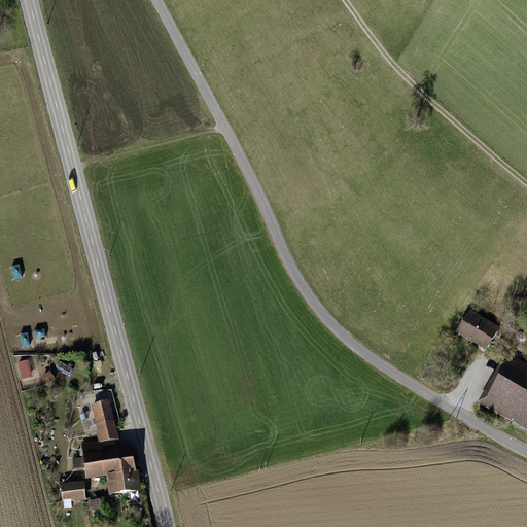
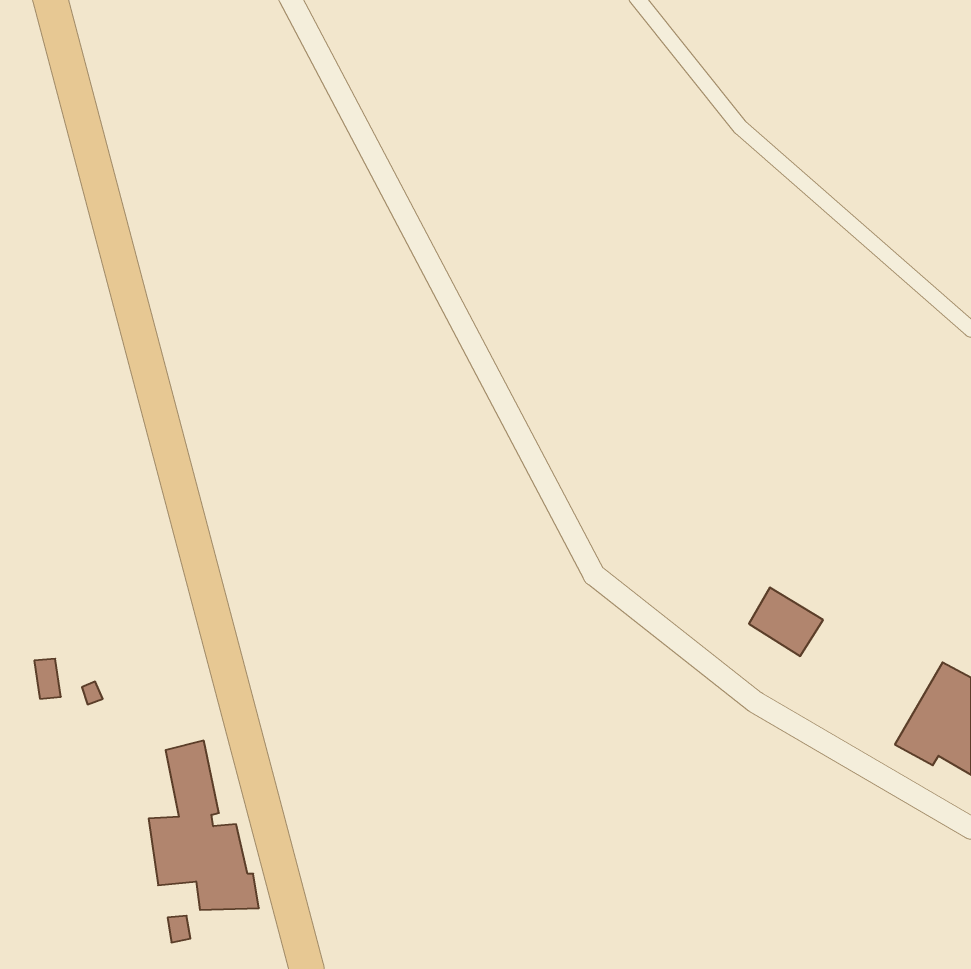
building: [458,312,498,349] -> [749,588,823,656]
building: [59,481,84,500] -> none

